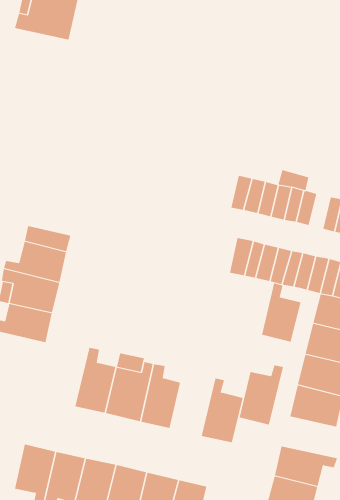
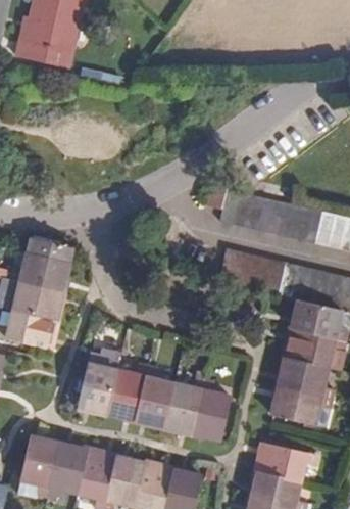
building: [262,283,301,342] -> none
building: [239,365,284,425] -> [161,376,203,432]

